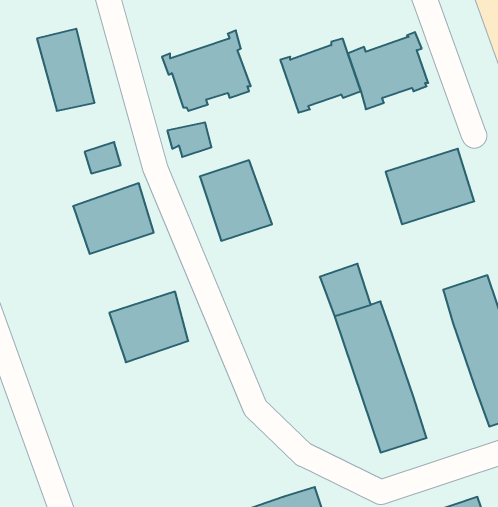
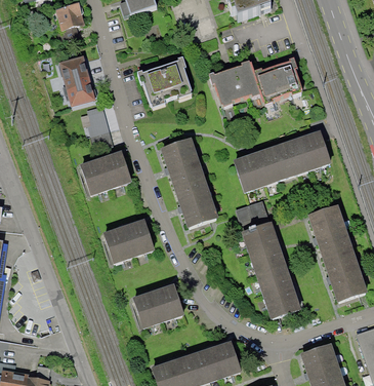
building: [167,122,212,157] -> [79,110,107,131]
building: none -> [233,144,286,192]
building: none -> [173,177,218,226]
building: none -> [134,284,184,329]

